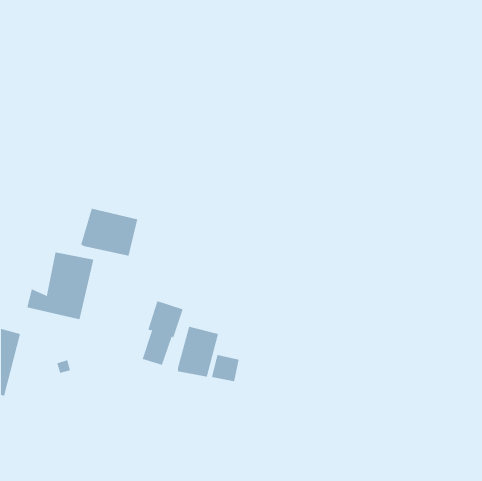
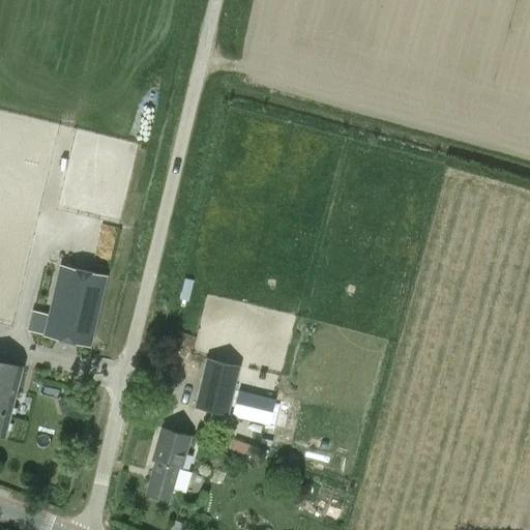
building: [81,208,138,257] -> none
building: [142,301,183,366] -> [145,426,190,498]

